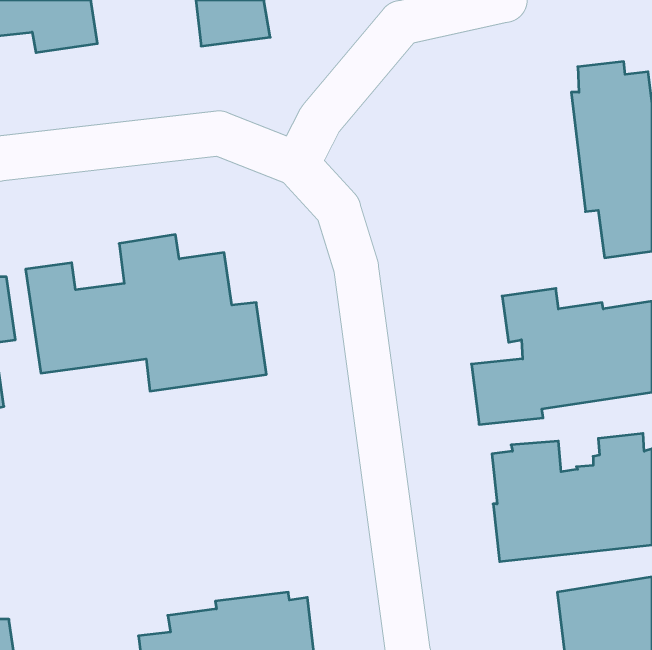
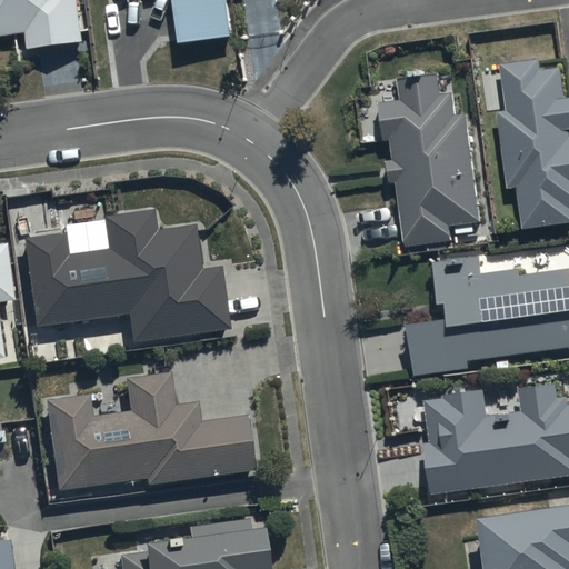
building: none -> [381,69,481,246]
building: none -> [43,373,253,489]

